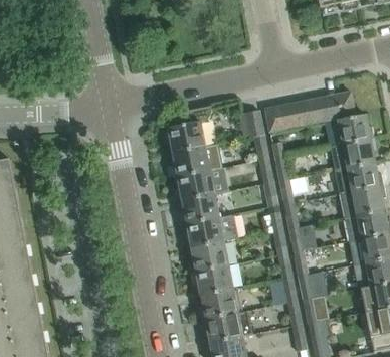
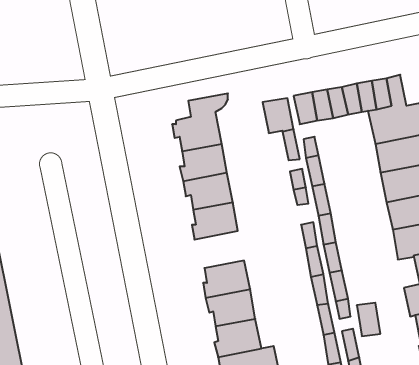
building: [183,213,237,246] -> none

